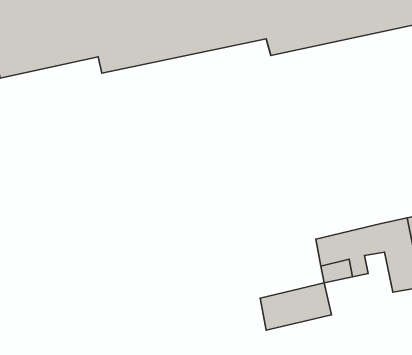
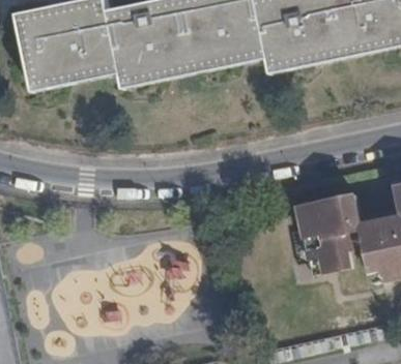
building: [260,283,331,330] -> [297,191,360,233]

